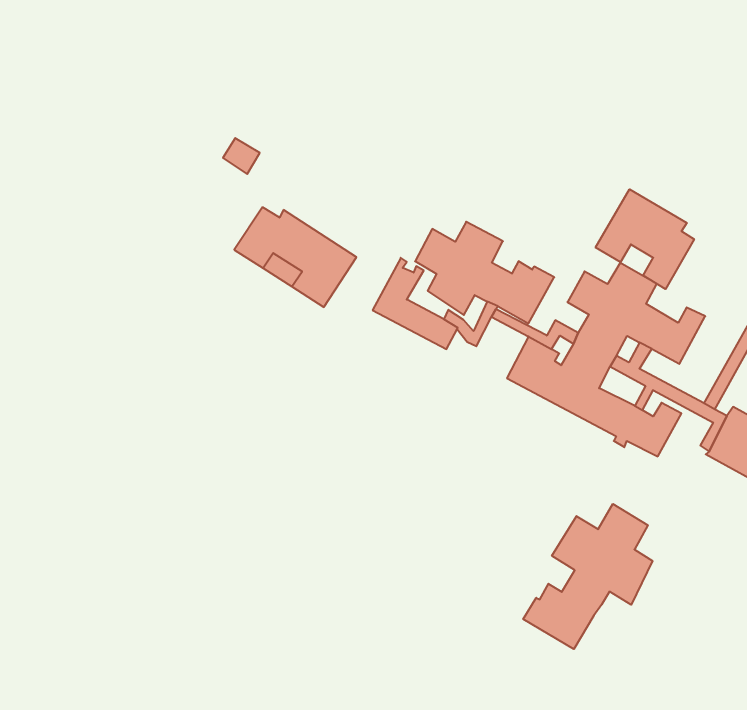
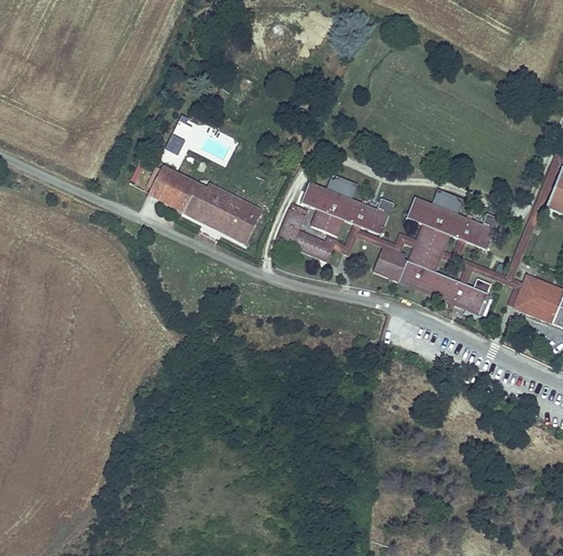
building: none -> [147,166,195,212]
building: [596,189,694,289] -> none
building: [523,504,652,649] -> none

